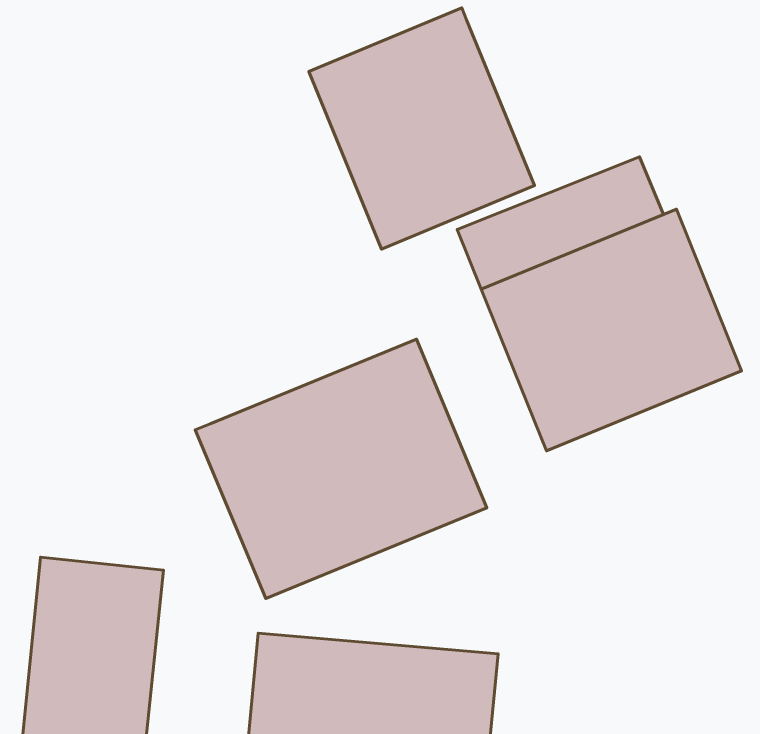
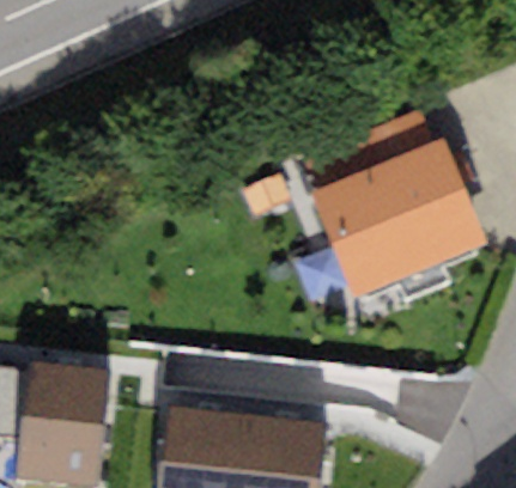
building: [309,8,534,249] -> none
building: [195,339,487,599] -> none

